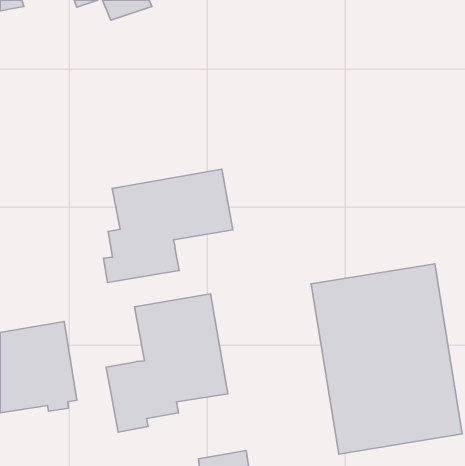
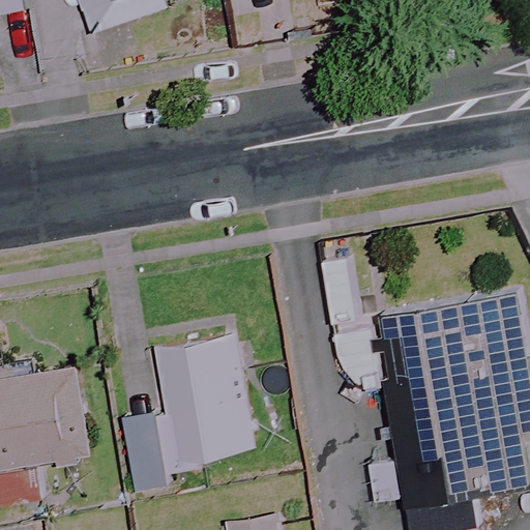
building: [103,169,233,283] -> none

